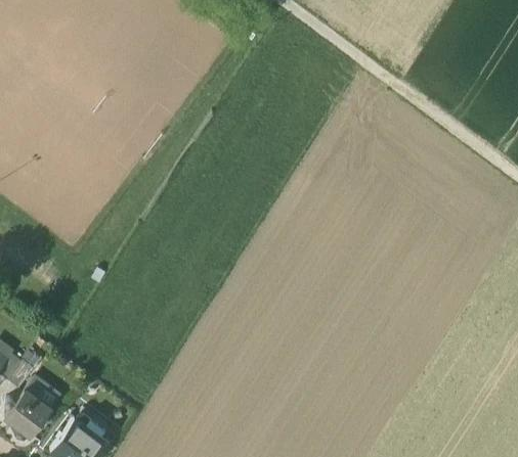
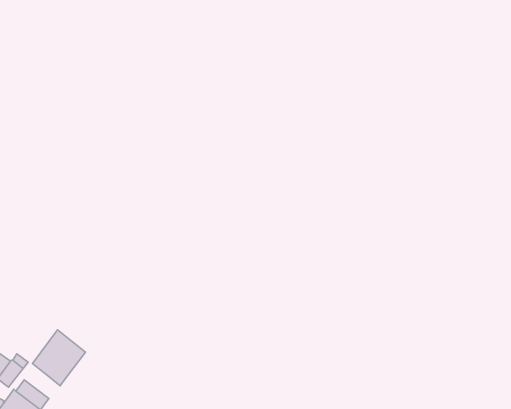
building: none -> [32,330,86,386]

